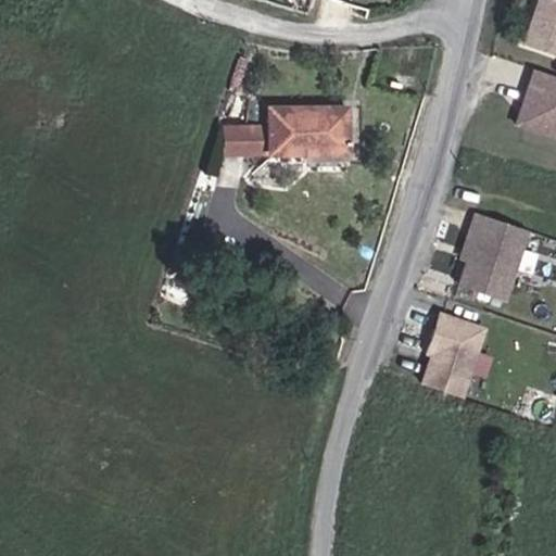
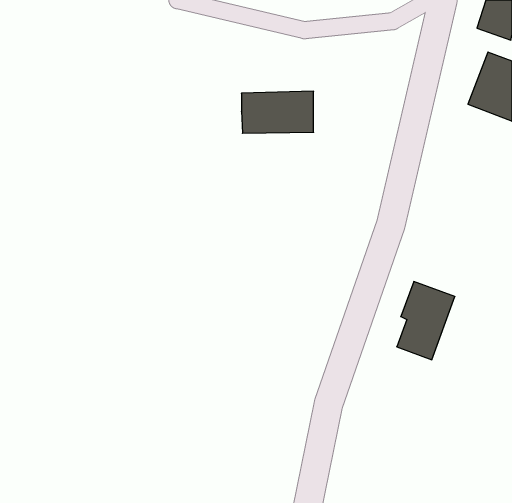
building: [217,130,263,155] -> none
building: [464,212,532,299] -> none

